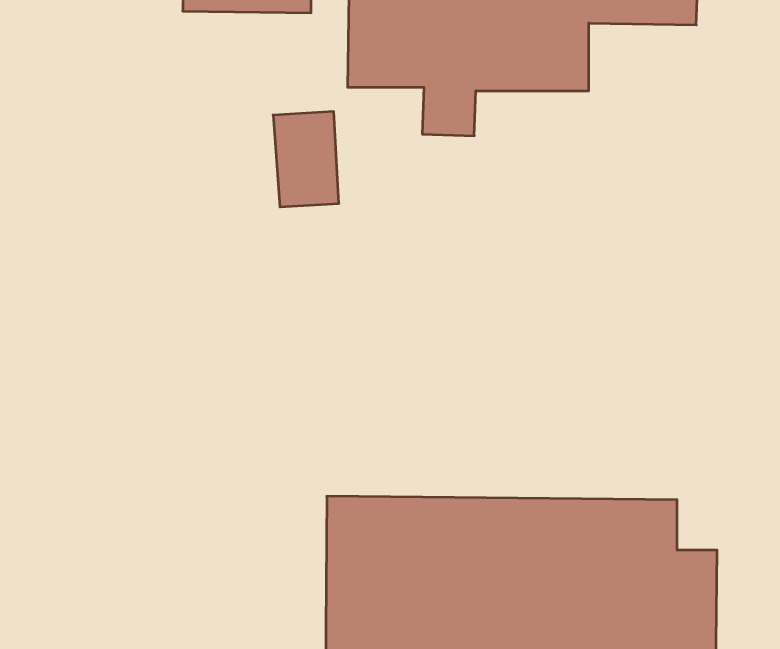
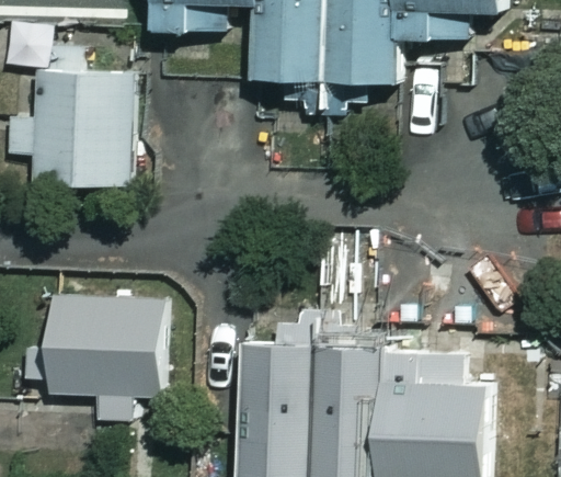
building: none -> [35,76,130,185]
building: none -> [49,296,159,419]

